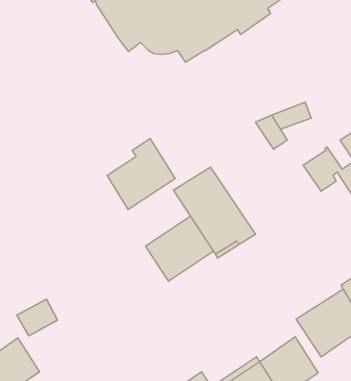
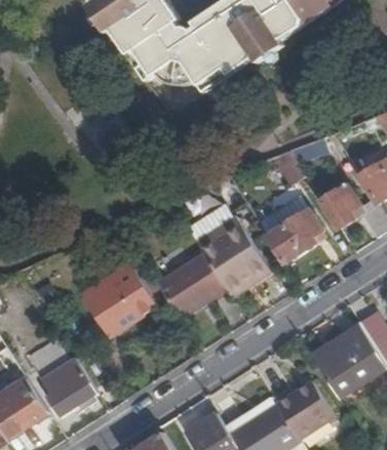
building: [107,138,175,209] -> [86,263,156,336]
building: none -> [257,194,321,262]
building: none -> [43,360,99,416]

